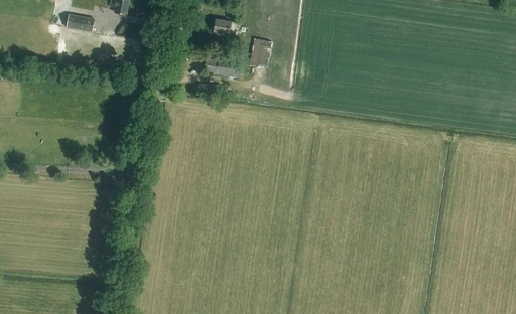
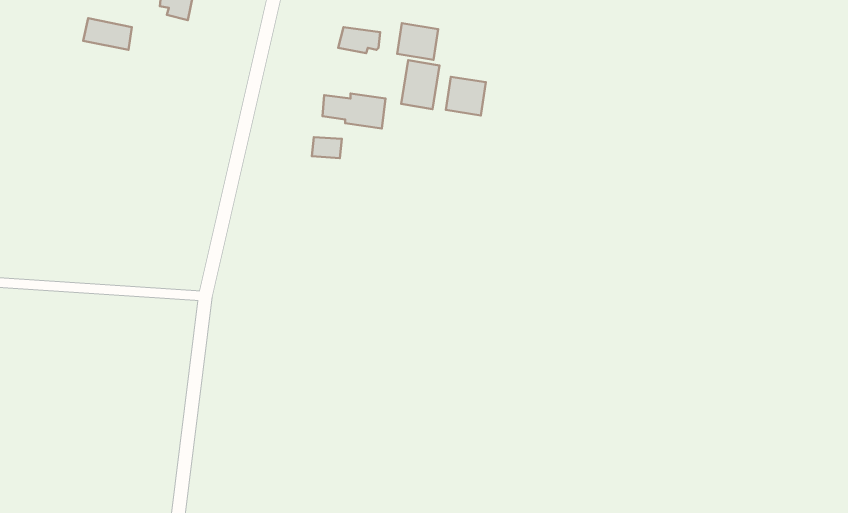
building: none -> [397,23,438,60]
building: none -> [446,77,486,115]

